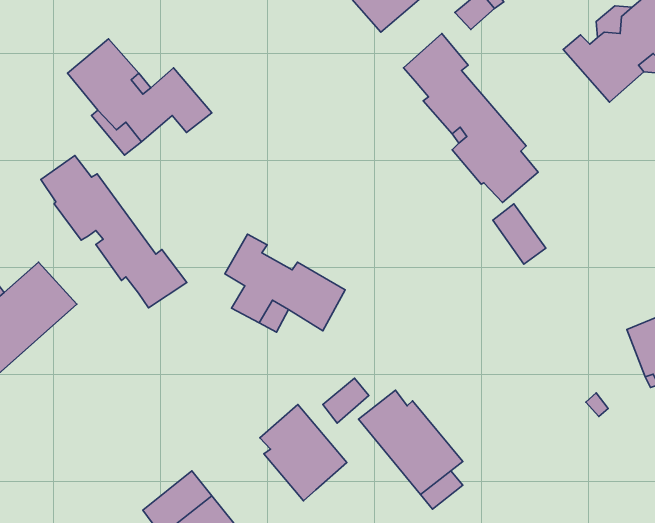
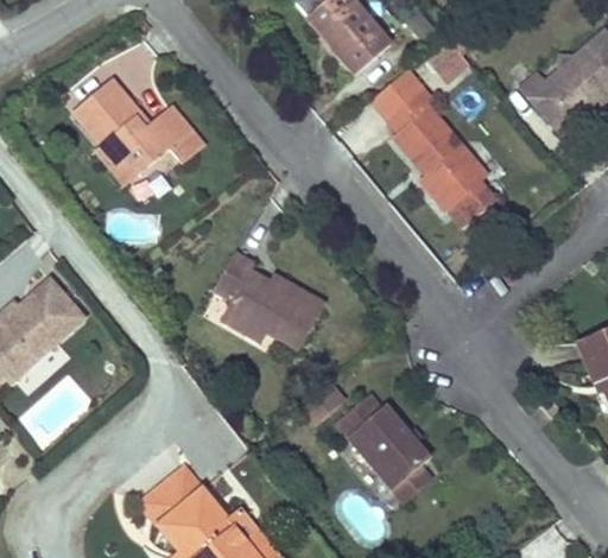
building: [41,155,187,308] -> none
building: [493,204,546,264] -> none
building: [260,405,347,501] -> none

